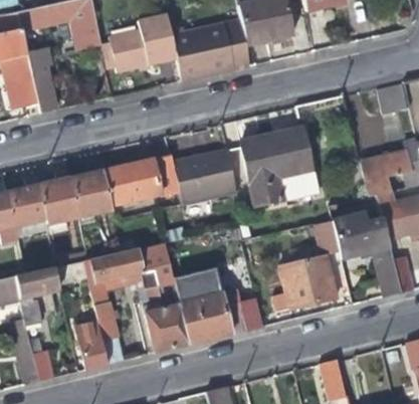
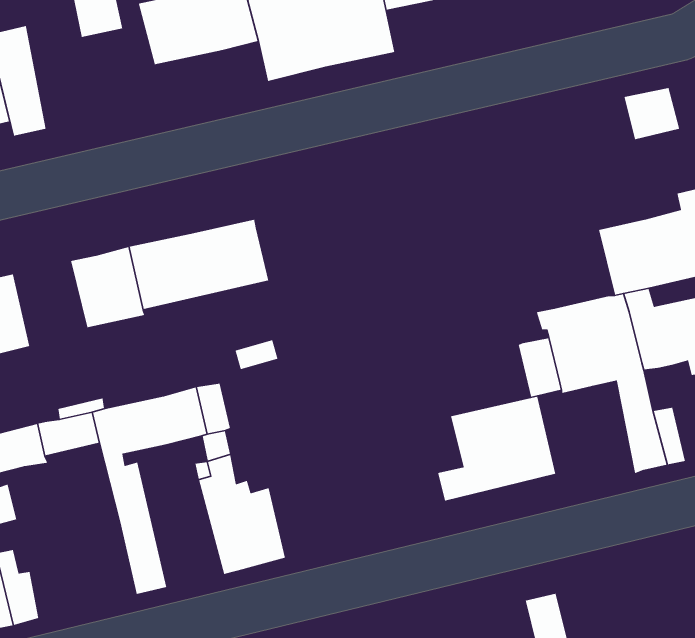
building: [243,131,318,207] -> none
building: [174,149,239,206] -> none
building: [40,179,80,229] -> none
building: [177,275,262,343] -> none
building: [76,323,108,369] -> none

